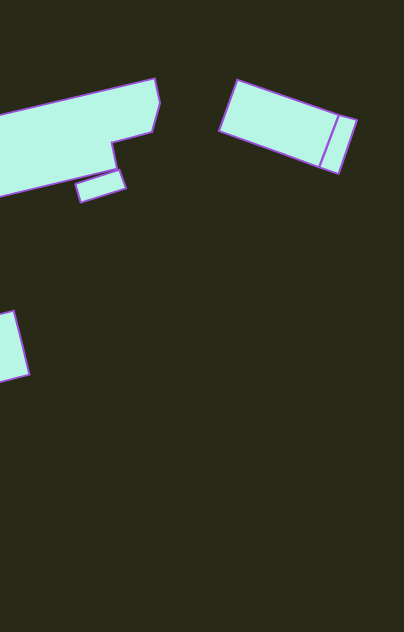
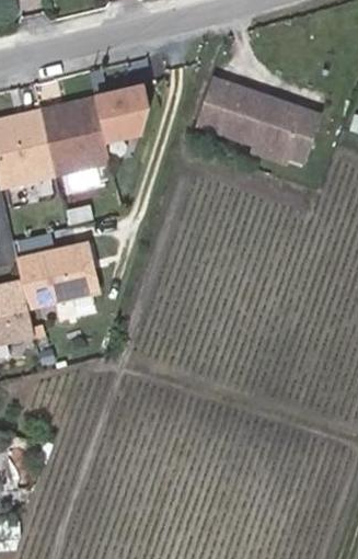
building: none -> [18,239,99,305]

